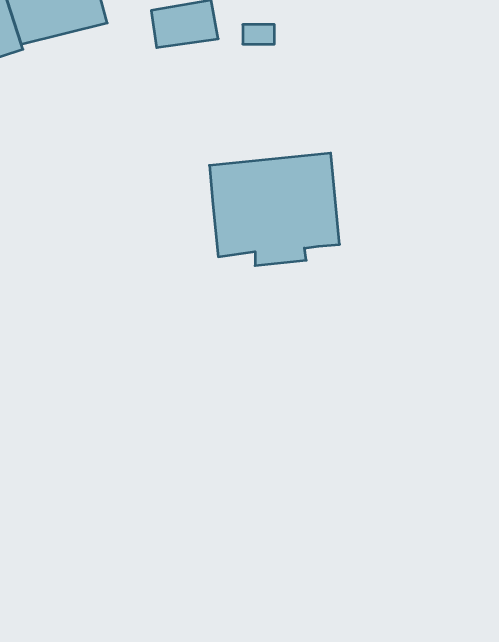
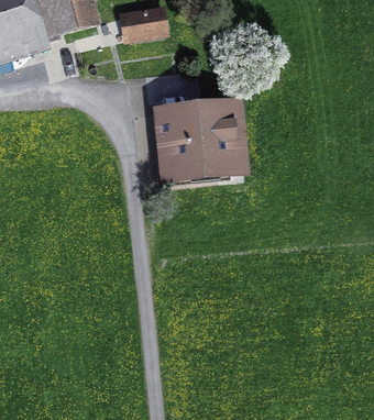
building: none -> [155,135,231,185]

